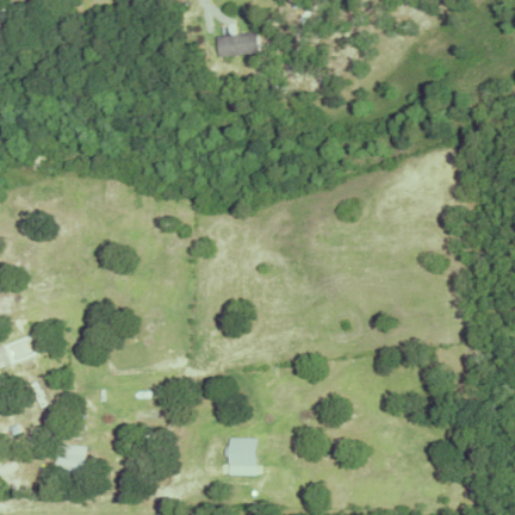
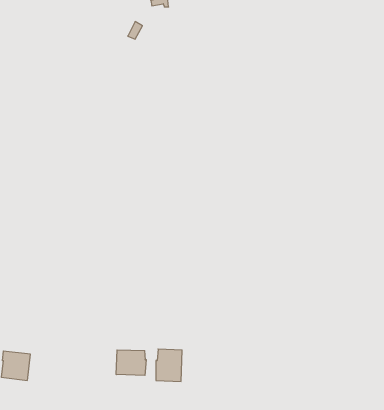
building: none -> [116,350,146,375]

